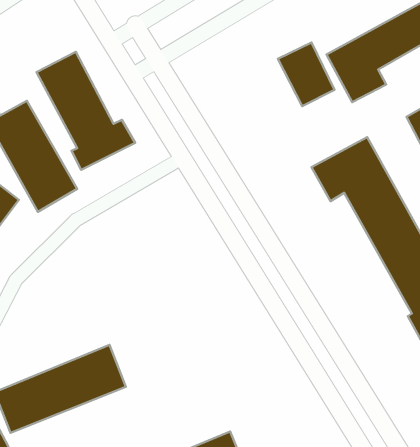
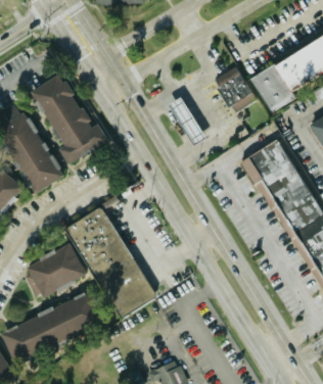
building: none -> [170,96,202,146]
building: none -> [67,206,154,320]
building: none -> [24,244,86,298]

